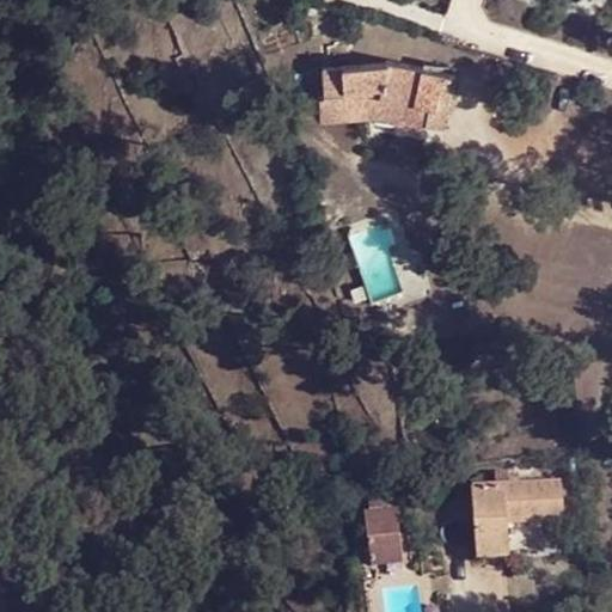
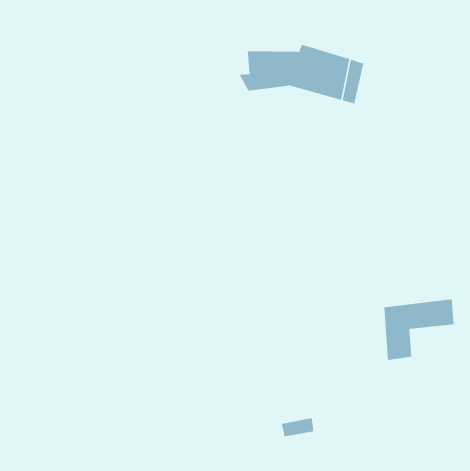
building: [471,483,563,563] -> [383,299,454,361]
building: [361,502,406,550] -> none

